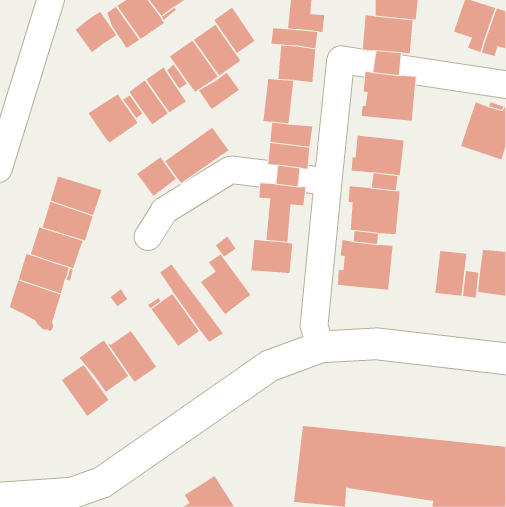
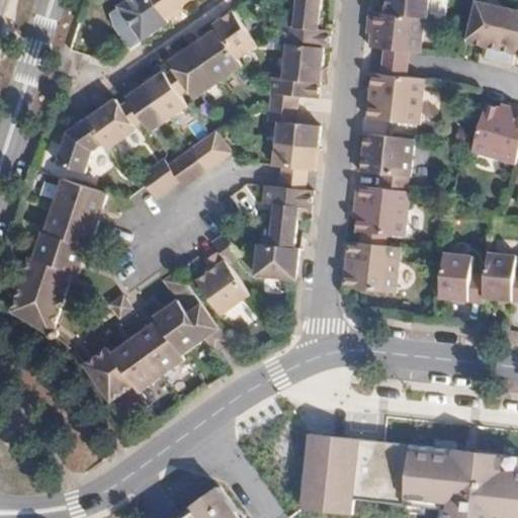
building: [75,11,117,53] -> none
building: [198,72,240,110] -> none
building: none -> [61,115,106,172]
building: [61,364,110,417] -> [134,320,183,373]

